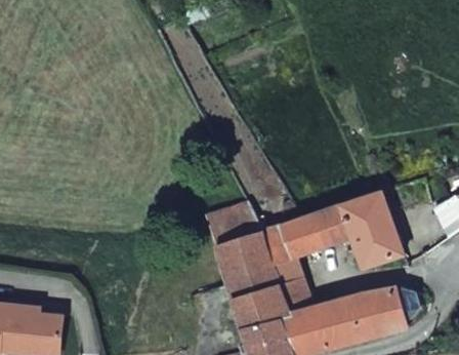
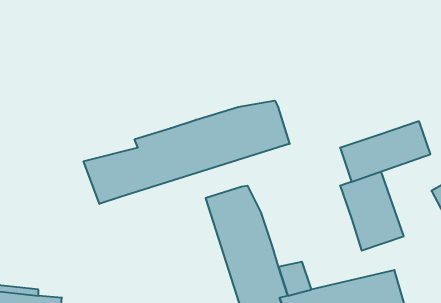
building: none -> [84,101,290,204]
building: [261,204,351,265] -> [340,121,430,182]

